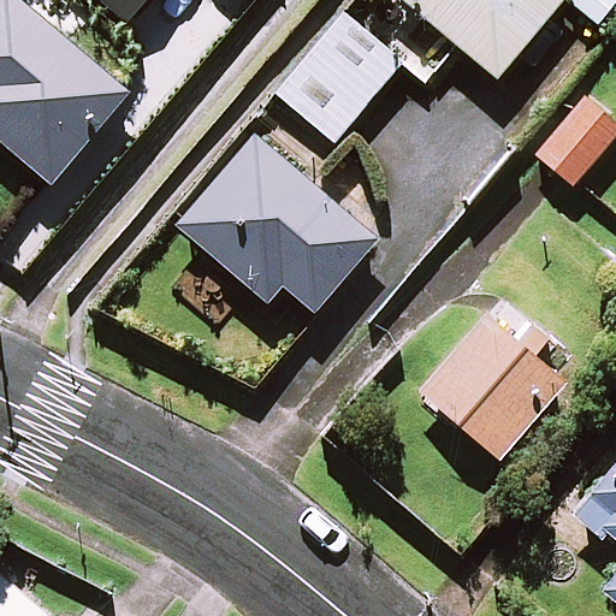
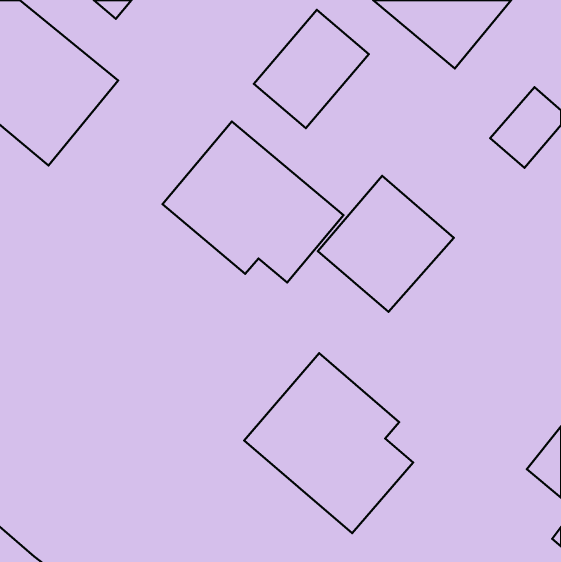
building: [421,309,569,457] -> [318,176,454,312]
building: none -> [244,353,413,533]

